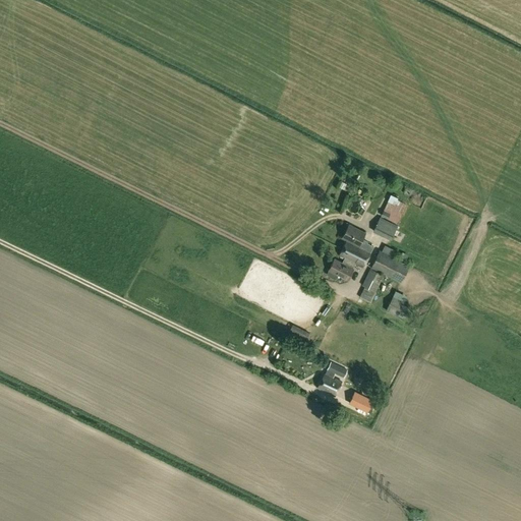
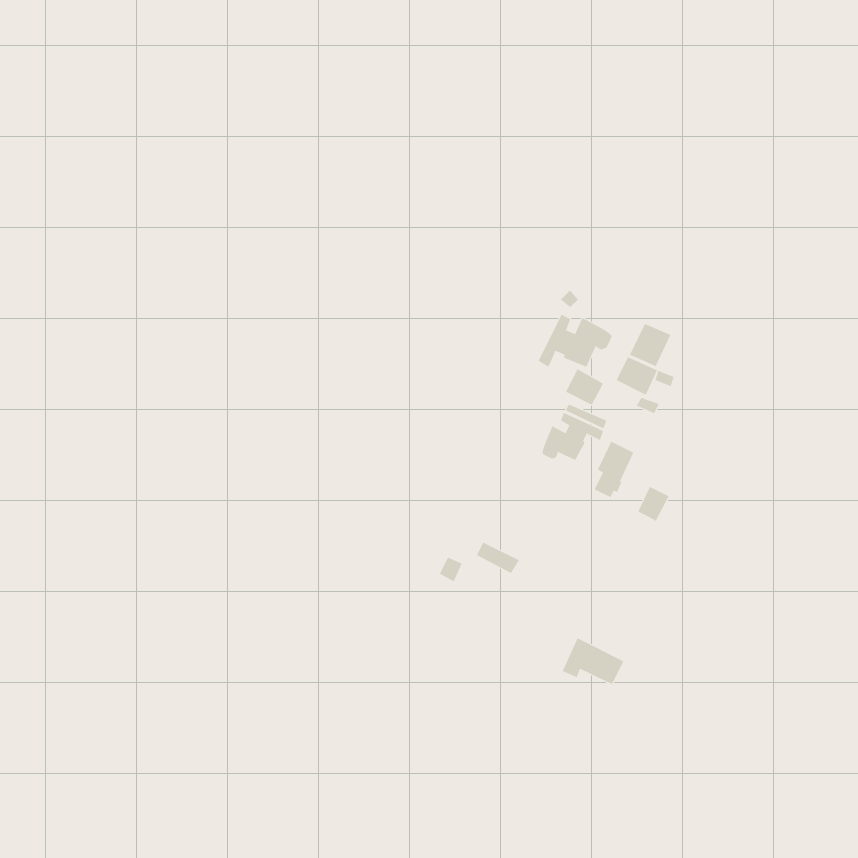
building: none -> [538,314,612,368]
building: [371,248,410,281] -> none
building: [319,360,348,395] -> none

